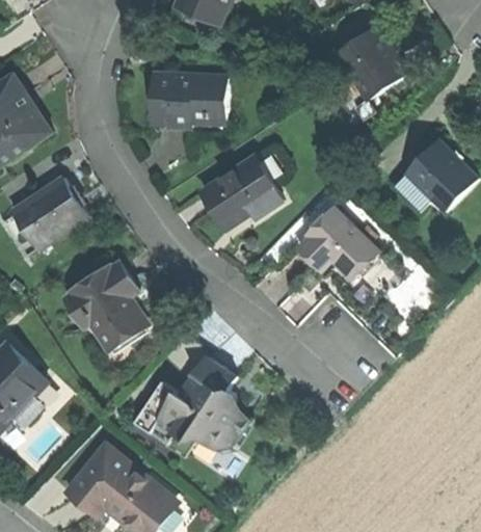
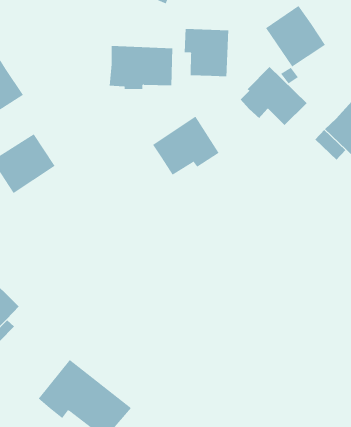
building: none -> [184,28,229,77]
building: [297,207,377,277] -> [240,66,307,126]
building: [65,262,146,348] -> none
building: [133,355,251,449] -> none

